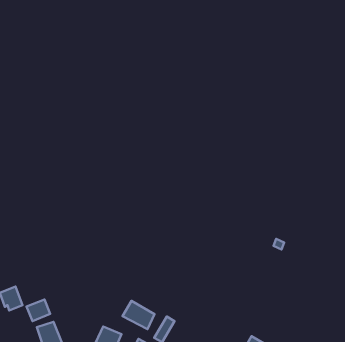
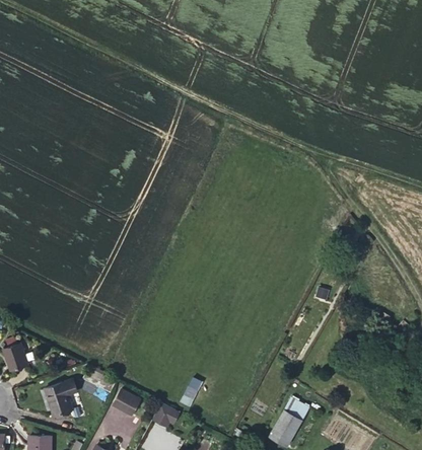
building: [27,299,50,321] -> none
building: [123,301,154,329] -> none

